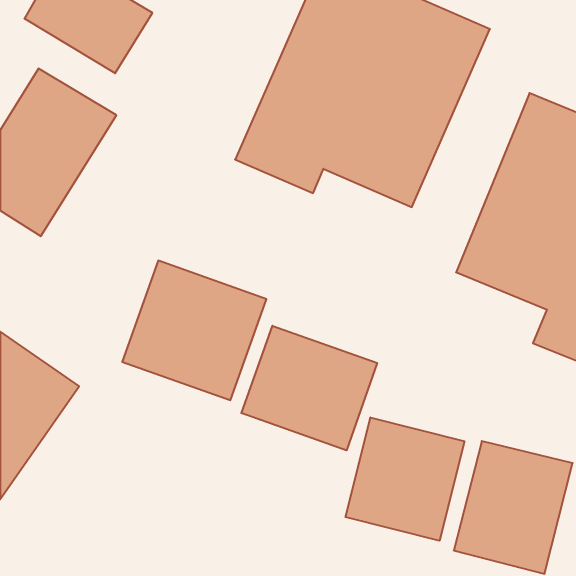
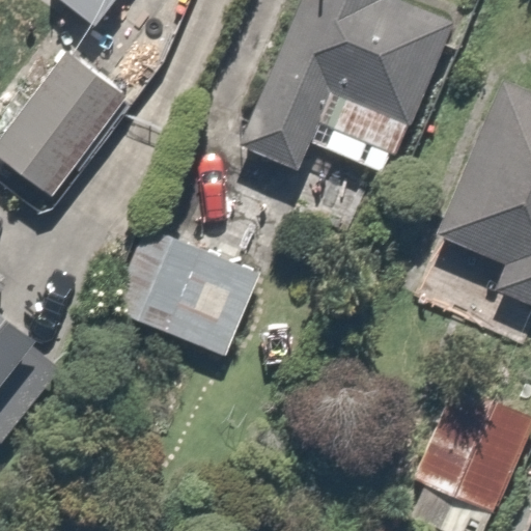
building: [241,326,377,450] -> none
building: [345,417,464,541] -> none

